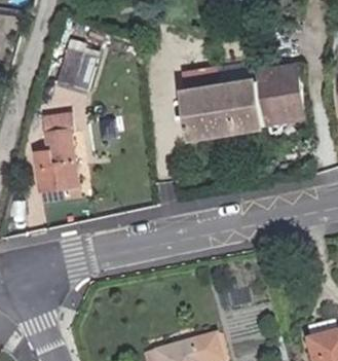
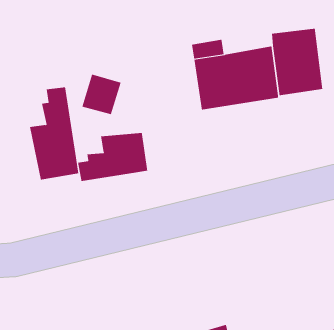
building: [57,49,93,87] -> [82,74,122,115]
building: none -> [77,132,148,182]

